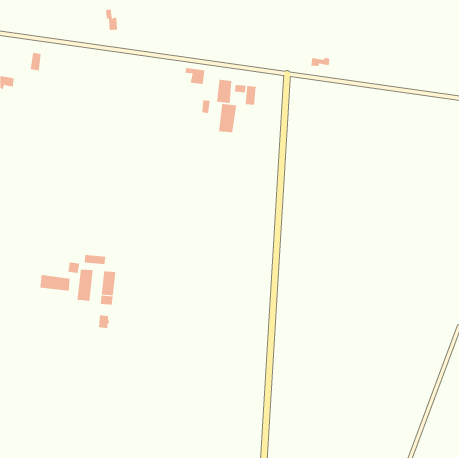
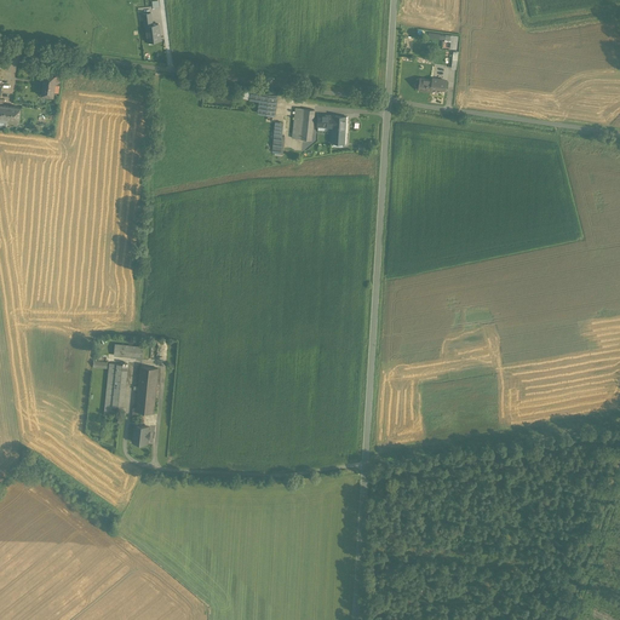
building: [218,103,237,133] -> none
building: [40,274,70,291] -> none

